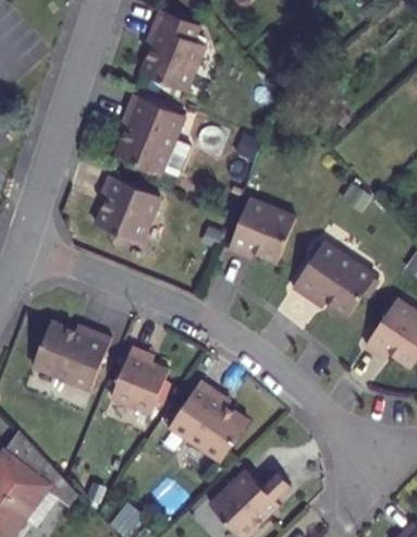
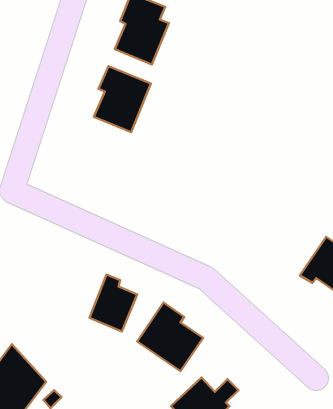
building: [96,174,160,243] -> none
building: [228,198,296,263] -> none
building: [292,242,376,317] -> none
building: [33,320,112,390] -> none

